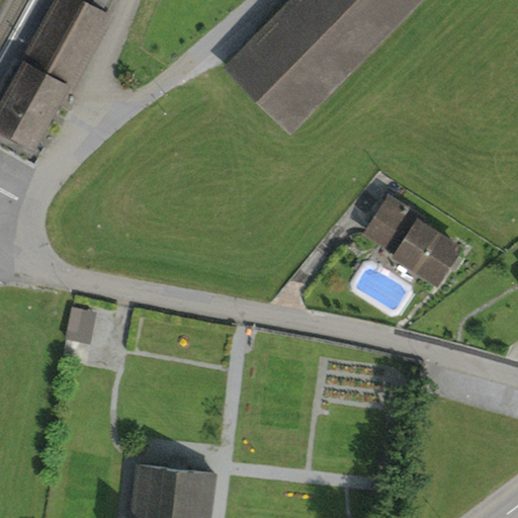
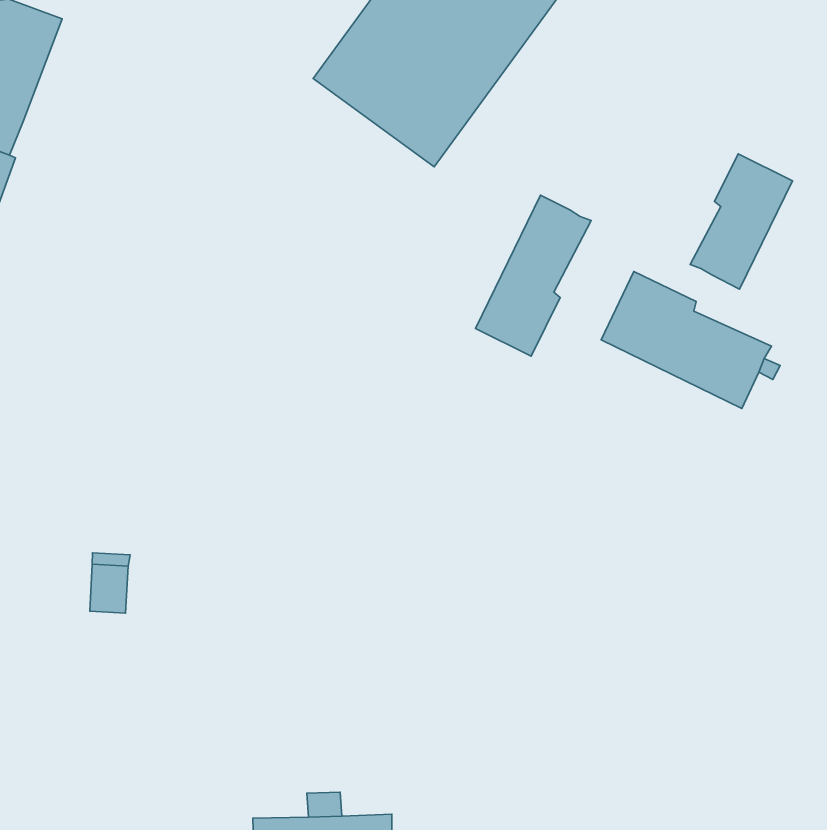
building: none -> [690,154,792,289]
building: none -> [476,195,591,356]

